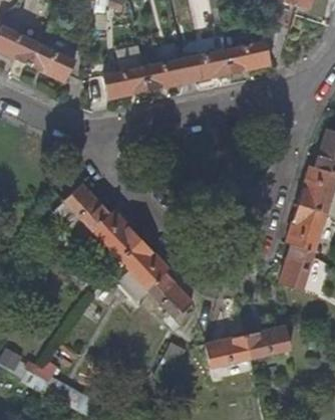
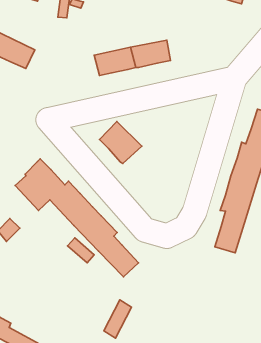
building: [225,40,271,72] -> none
building: [103,66,148,98] -> none
building: none -> [99,121,142,163]
building: [205,325,290,367] -> none

